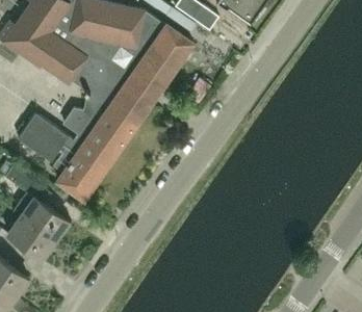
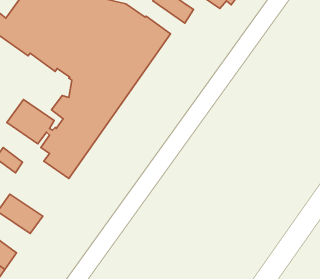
building: [21,198,69,240] -> none

